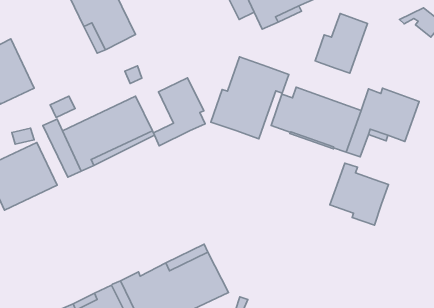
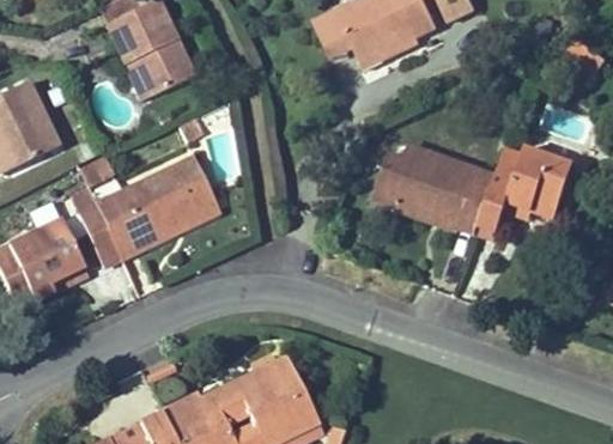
building: [315,13,367,73] -> none
building: [211,57,289,139] -> none
building: [153,78,205,146] -> none
building: [330,163,389,225] -> none

